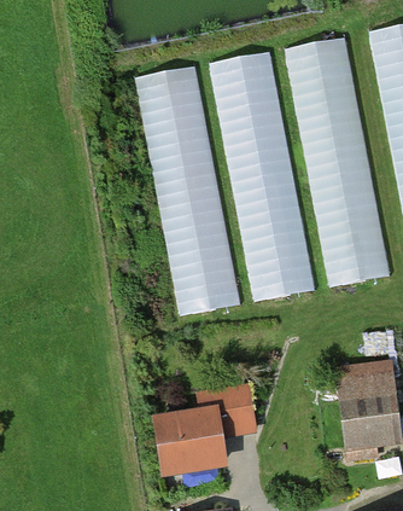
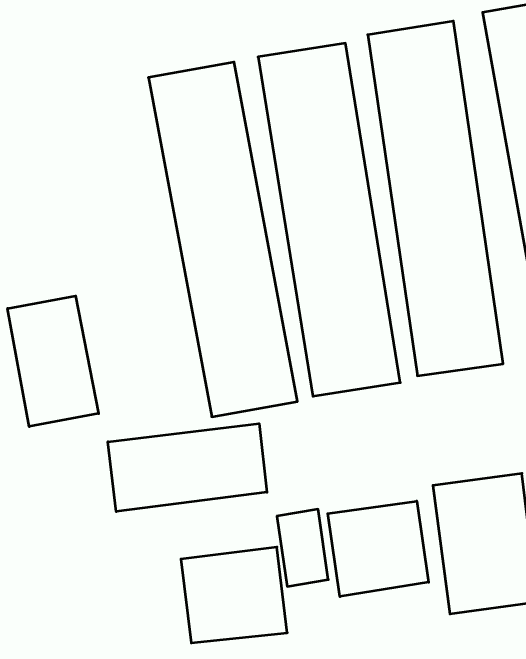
building: none -> [8,296,99,427]
building: none -> [108,424,267,512]
building: none -> [328,501,429,597]

